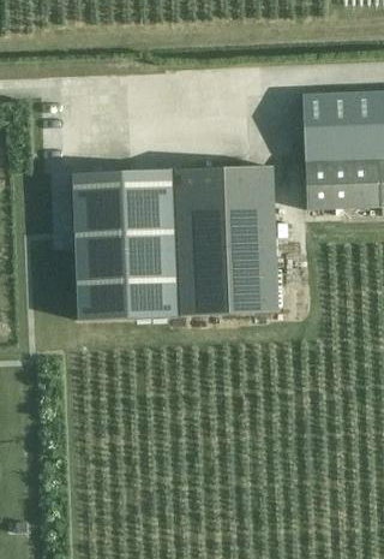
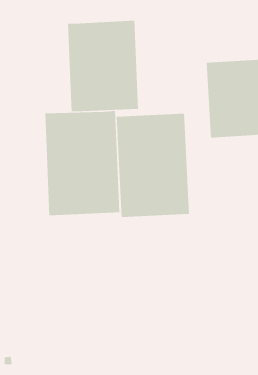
building: none -> [68,20,138,112]

